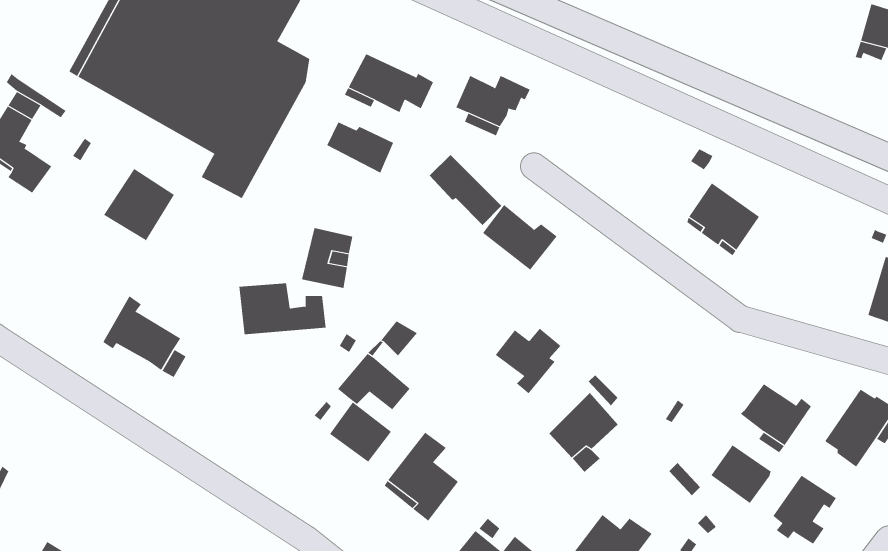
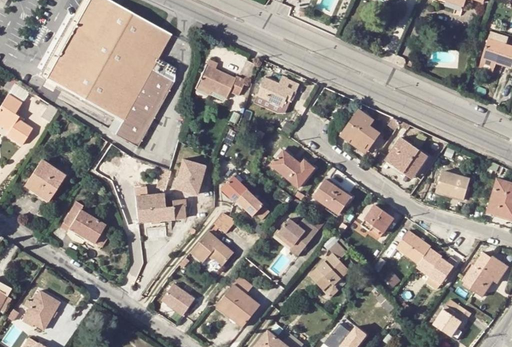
building: [327,122,394,173] -> none
building: none -> [341,109,380,151]
building: [429,154,502,226] -> [223,177,264,217]
building: [103,168,175,242] -> [24,159,64,200]
building: none -> [436,171,469,199]
building: none -> [314,180,350,213]
building: none -> [361,205,393,235]
building: [329,401,392,462] -> [161,281,196,315]
building: [711,445,772,504] -> [396,231,430,264]
building: none -> [23,290,58,328]

